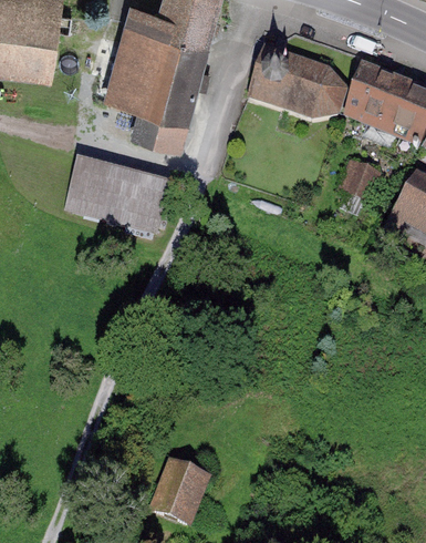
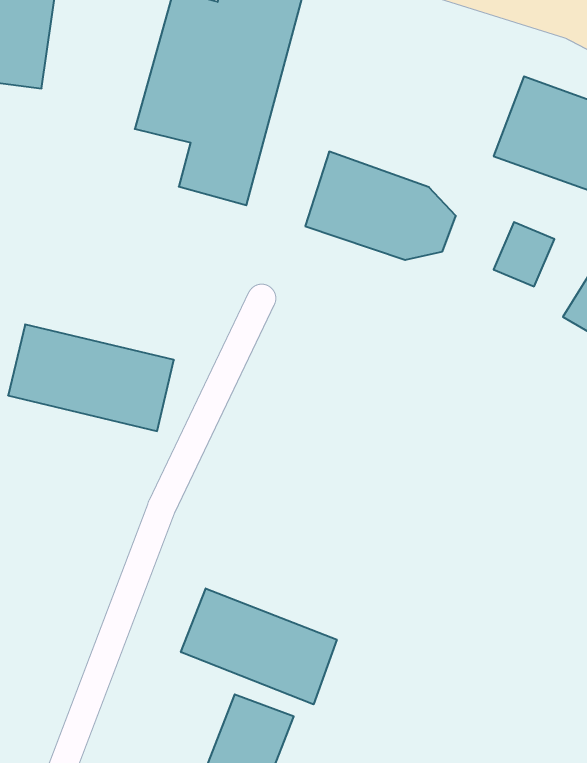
building: [248,47,346,117] -> [305,152,456,260]
building: [64,163,173,233] -> [8,324,174,431]
building: none -> [181,588,337,704]

